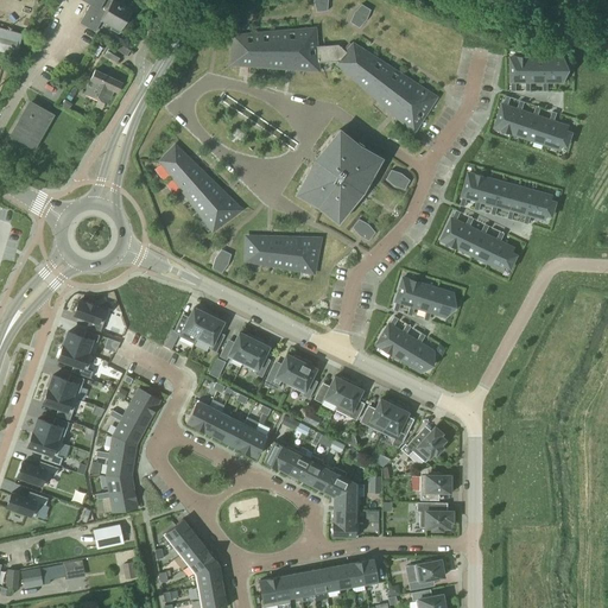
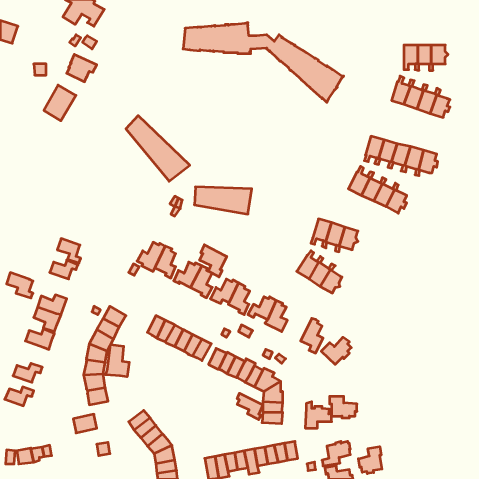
building: [13,101,53,146] -> [44,85,76,121]
building: [300,132,380,220] -> none
building: none -> [200,245,227,277]
building: [59,344,93,376] -> [7,273,33,298]
building: [360,398,395,431] -> none
building: [28,431,63,464] -> none
building: none -> [106,345,129,377]
building: [420,466,454,499] -> [305,402,332,428]
building: none -> [237,393,263,420]
building: none -> [358,447,382,474]

